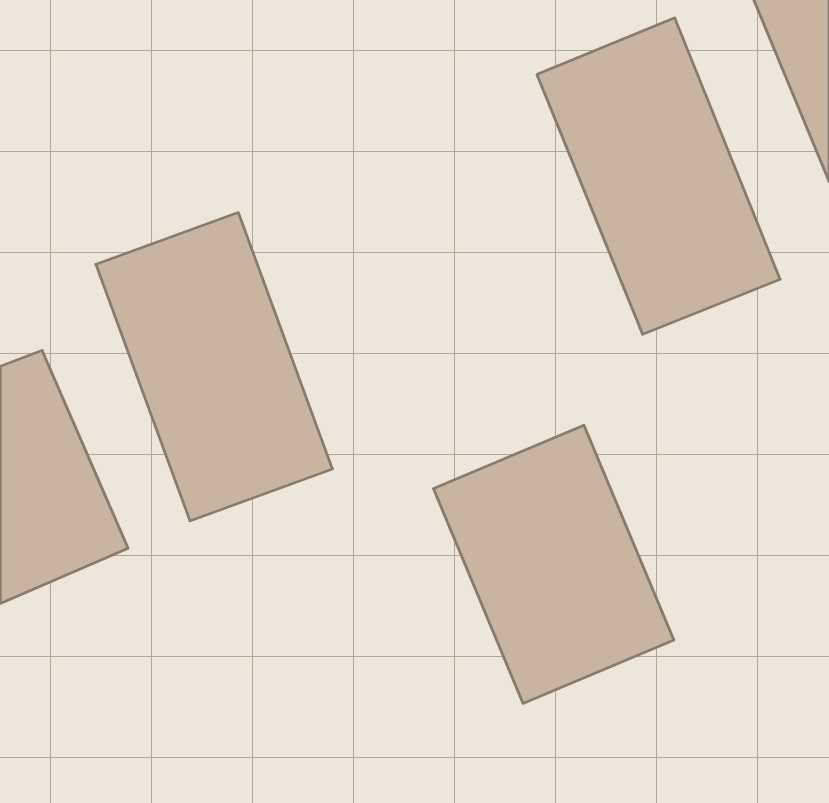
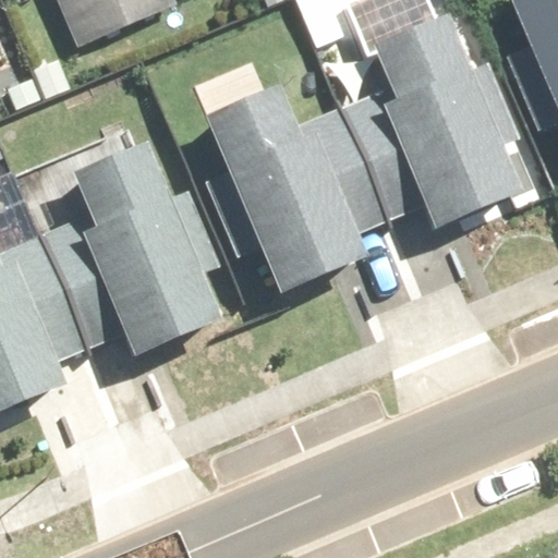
building: none -> [204,84,387,289]
building: [433,425,674,704] -> none

